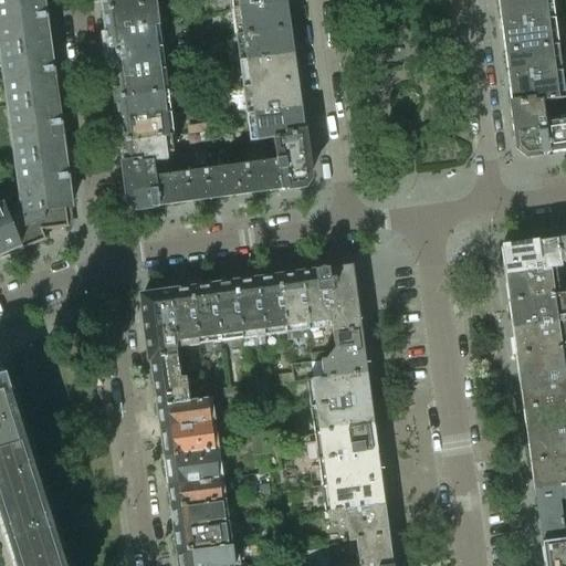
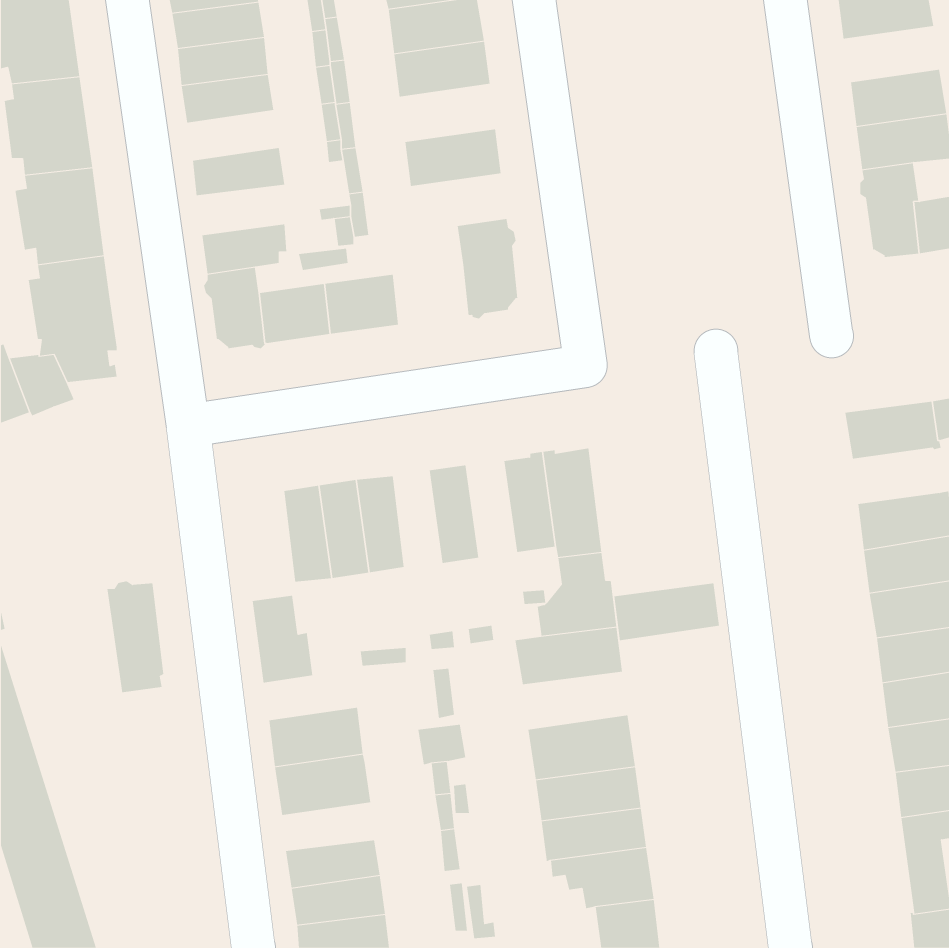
building: [502,15,559,49] -> none
building: [239,50,296,84] -> none
building: [113,65,168,95] -> none
building: [245,103,303,137] -> none
building: [118,109,174,139] -> none
building: [235,157,280,192] -> none
building: [507,265,559,298] -> none
building: [279,273,308,331] -> none
building: [235,279,264,336] -> none
building: [143,290,177,356] -> [106,581,164,693]
building: [158,397,214,427] -> none
building: [312,398,375,432] -> [613,583,720,641]
building: [169,475,224,504] -> none

